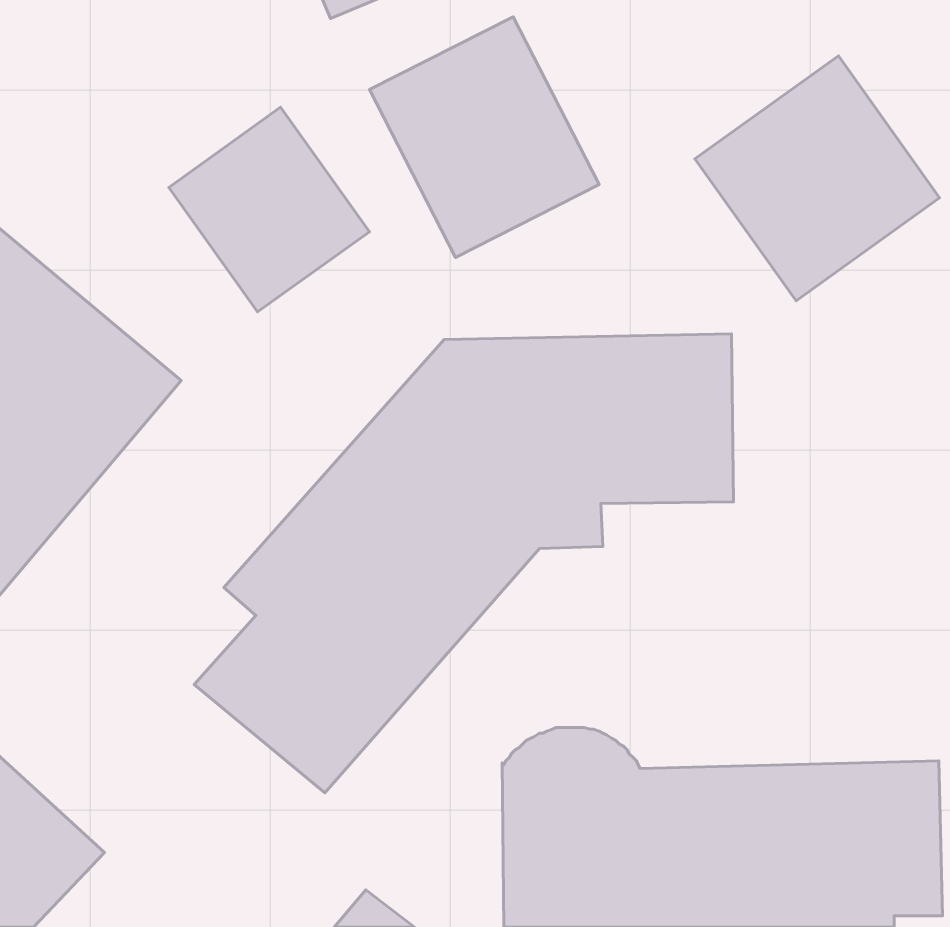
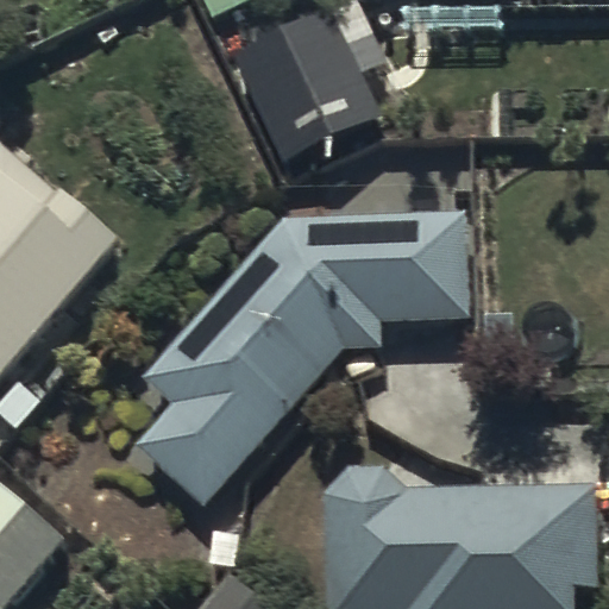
building: [695,56,940,301] -> none
building: [169,107,369,312] -> none

